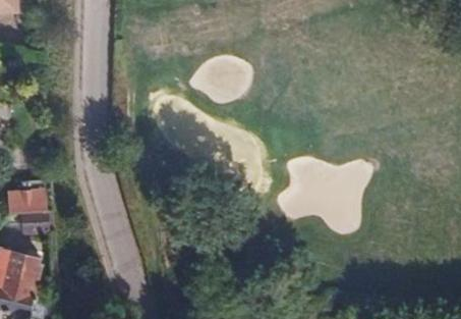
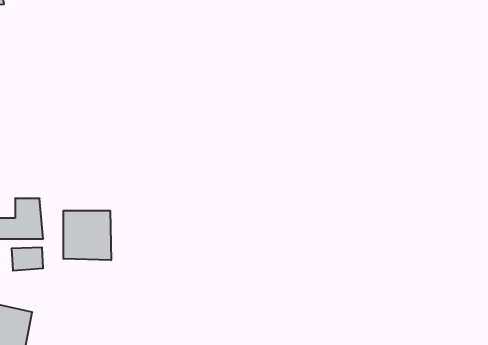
building: none -> [64,211,111,260]

